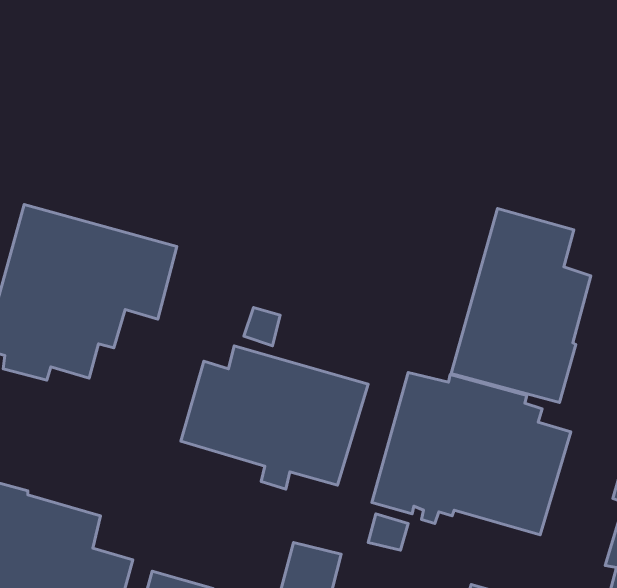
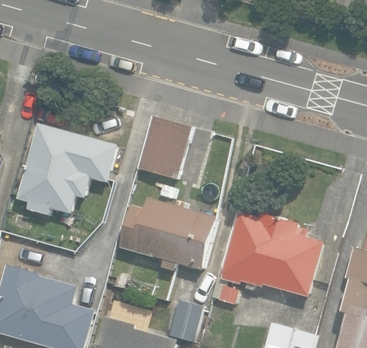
building: none -> [136,115,191,179]
building: [451,209,591,402] -> none

